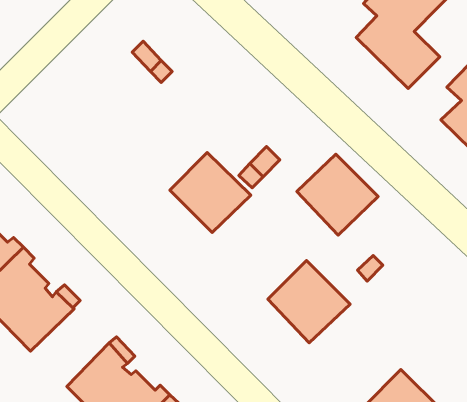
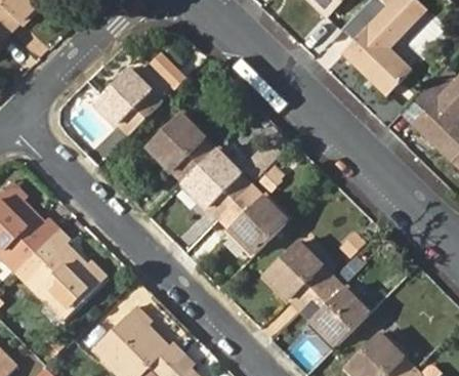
building: none -> [94,68,163,136]
building: none -> [147,114,214,181]
building: [297,154,378,235] -> [218,185,287,254]
building: none -> [300,278,370,346]

